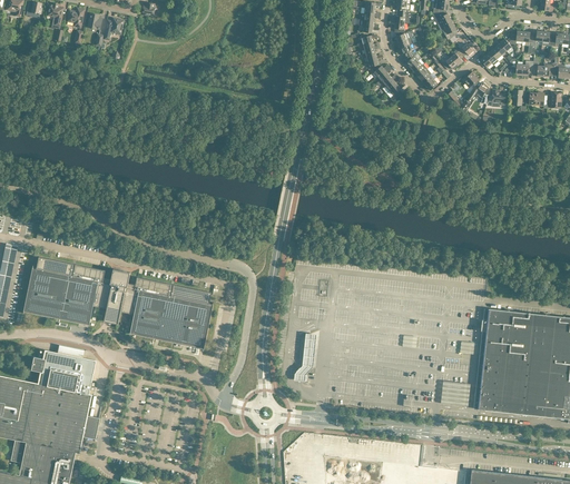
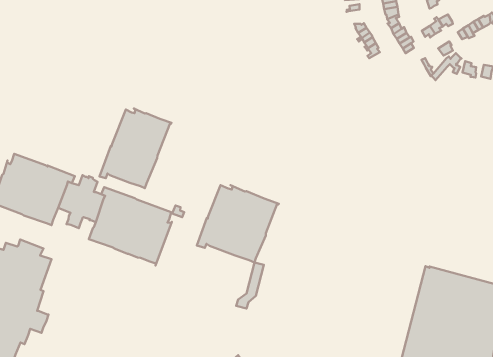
building: none -> [99,108,171,188]
building: none -> [197,185,279,262]

